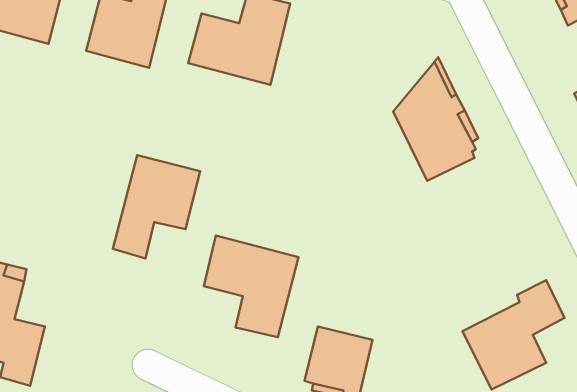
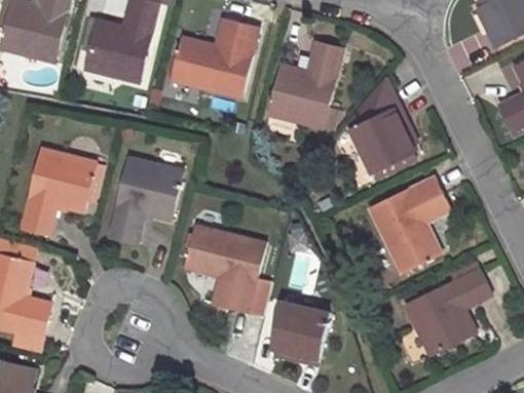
building: none -> [268,43,343,129]
building: none -> [22,149,104,235]
building: none -> [369,176,450,273]

